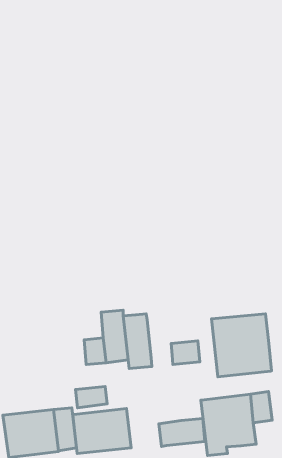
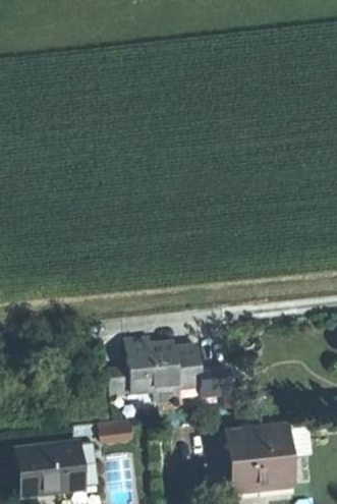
building: [212,314,272,377] -> none
building: none -> [173,346,200,389]
building: [73,408,131,453] -> none
building: [159,419,205,447] -> none

